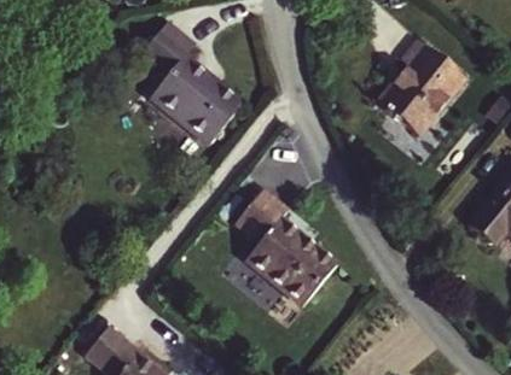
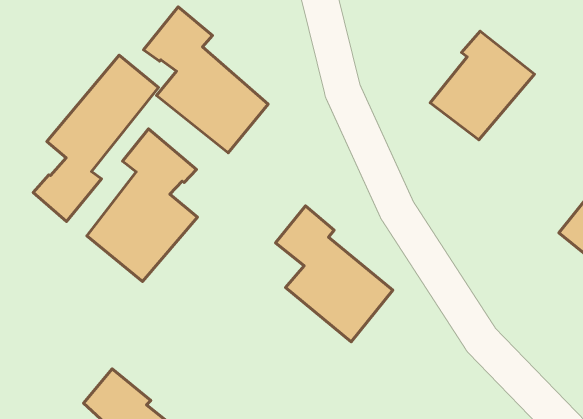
building: none -> [33,55,158,221]
building: none -> [87,129,198,282]

